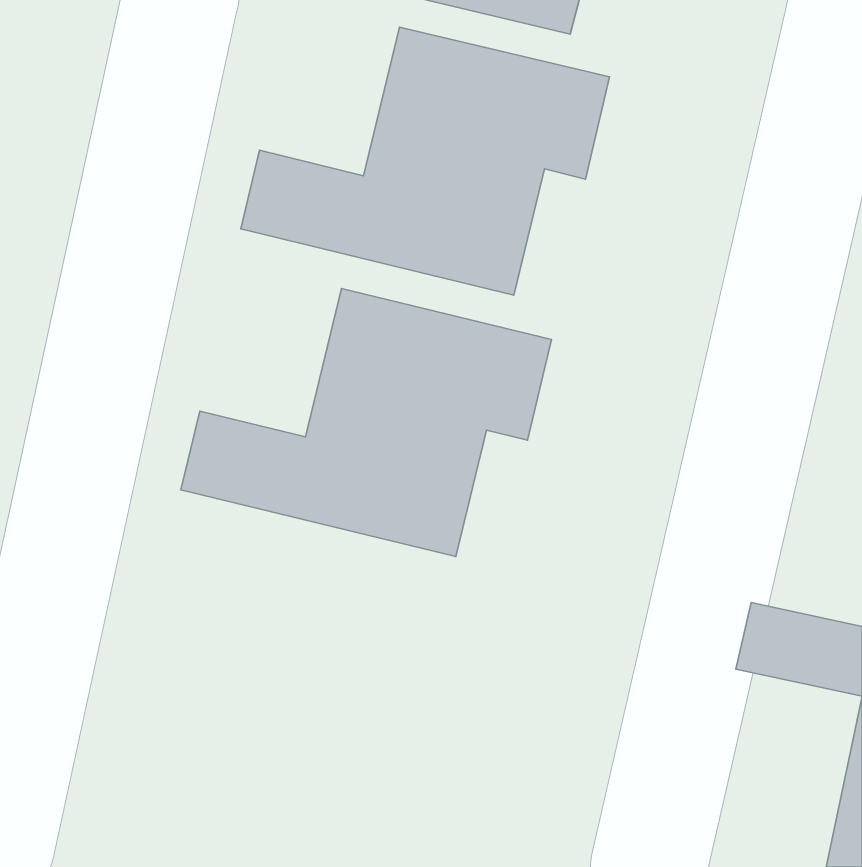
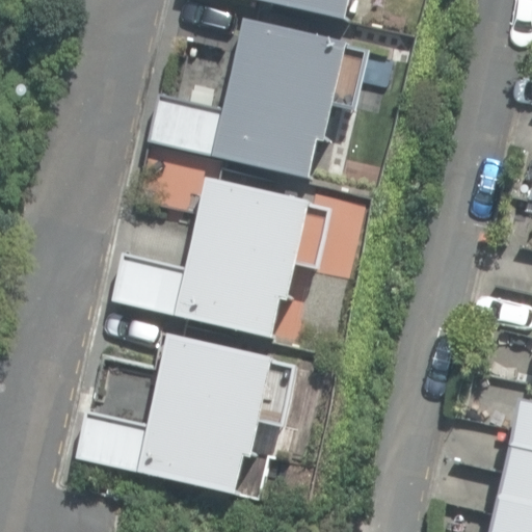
building: none -> [74,334,298,496]

